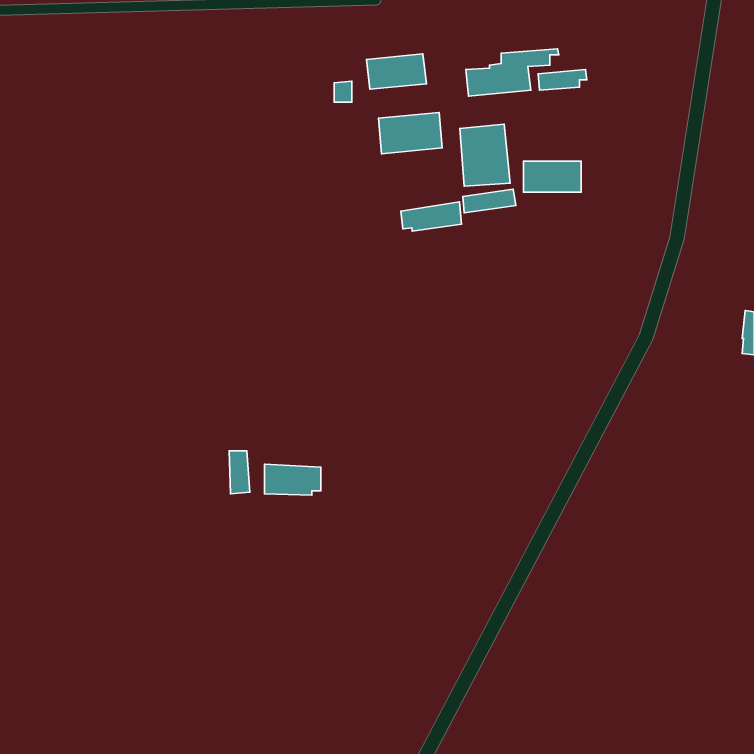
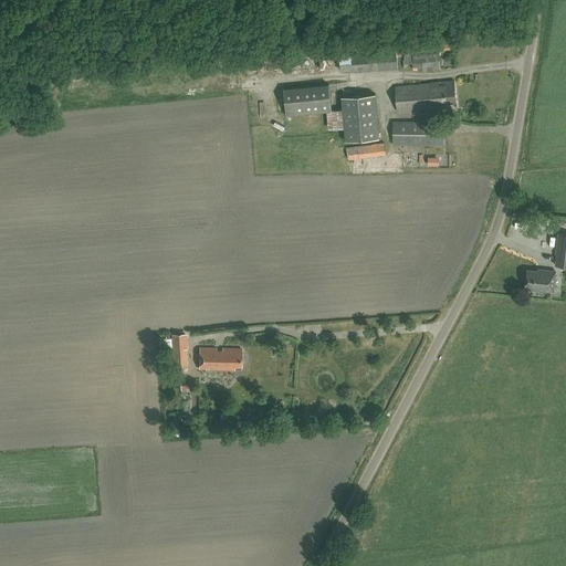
building: [366,54,426,89] -> none
building: none -> [394,81,455,112]
building: [401,202,462,231] -> none
building: none -> [524,271,555,292]

